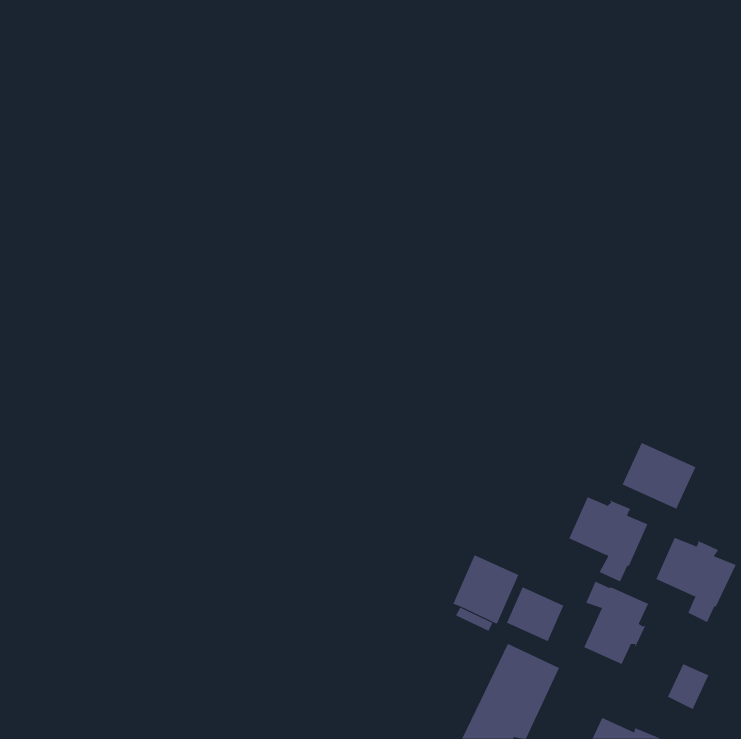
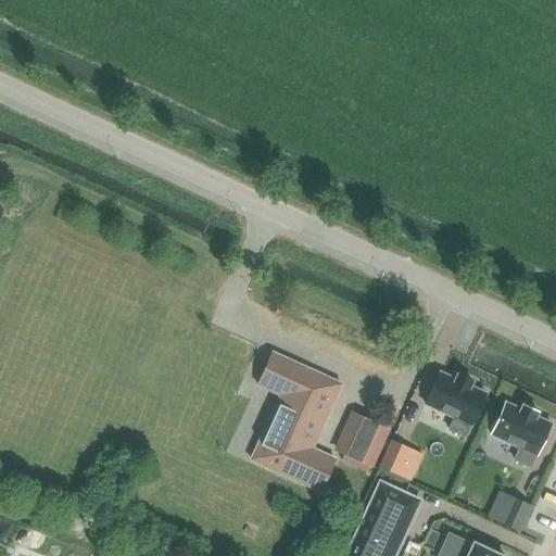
building: [622,442,696,510] -> none
building: none -> [252,353,341,491]
building: [584,581,649,665] -> none

